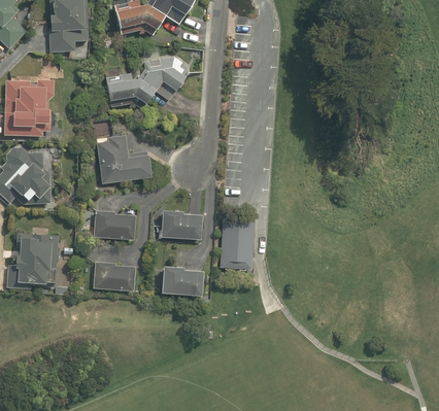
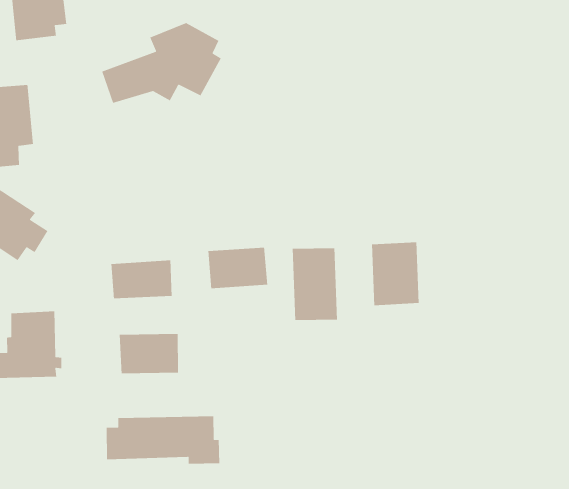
building: [96,137,154,184] -> none
building: none -> [371,241,420,306]
building: [164,268,206,298] -> none
building: none -> [106,416,220,465]

